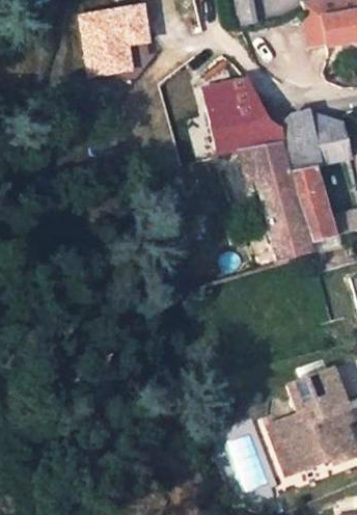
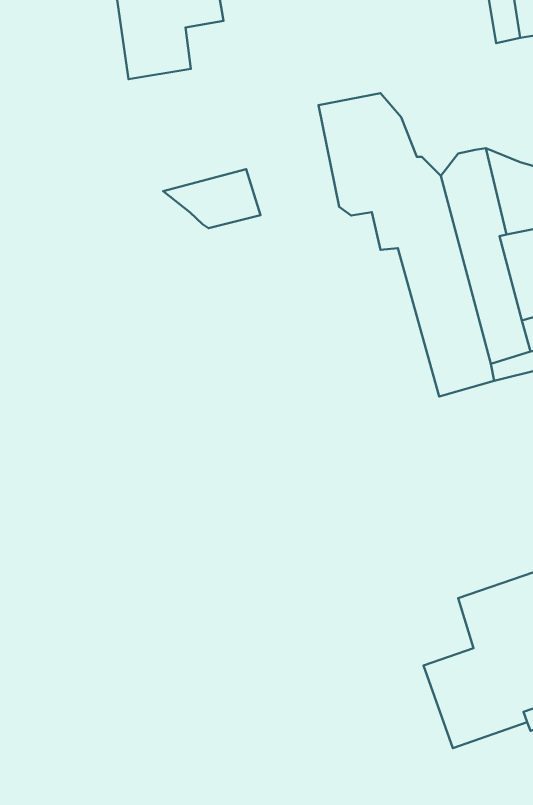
building: none -> [163,169,260,228]

